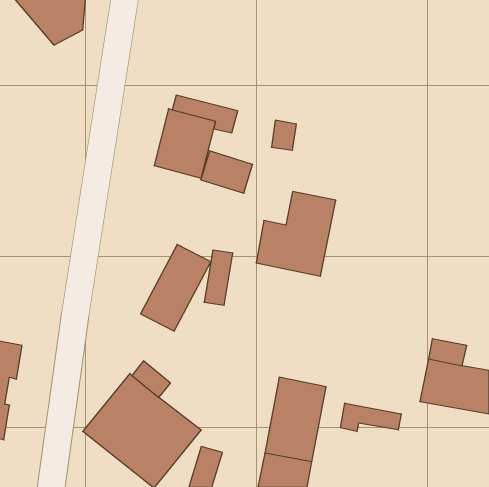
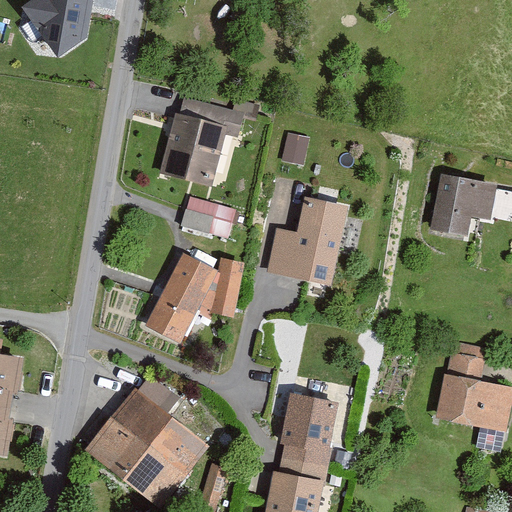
building: [201,151,253,193] -> [180,197,234,241]
building: none -> [432,175,497,235]
building: [341,403,401,432] -> none

